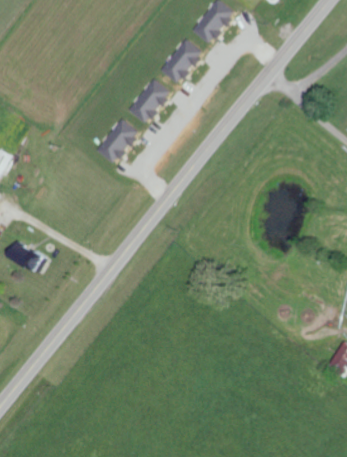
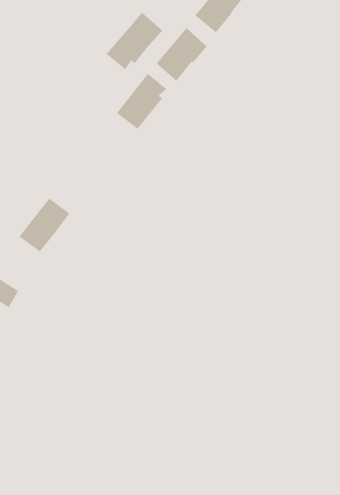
building: none -> [106,12,163,70]
building: [96,119,139,164] -> [19,198,70,252]

